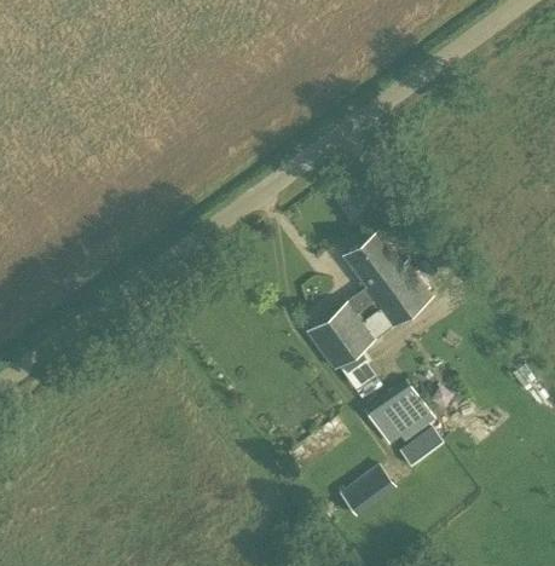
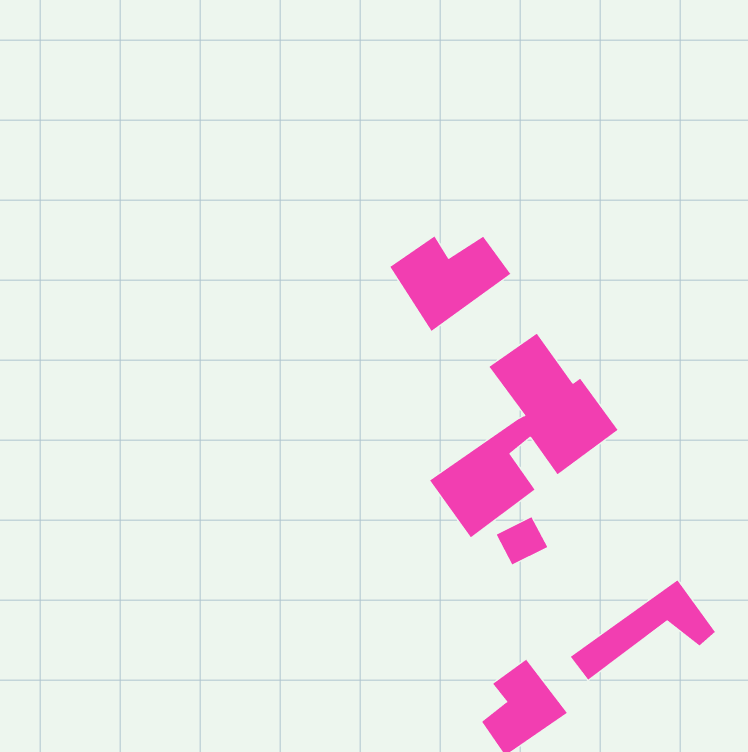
building: none -> [390,236,511,332]
building: [365,379,434,446] -> none

